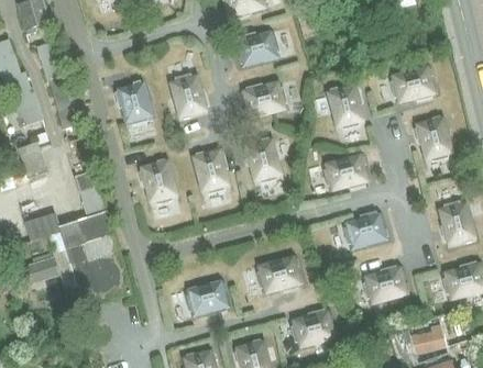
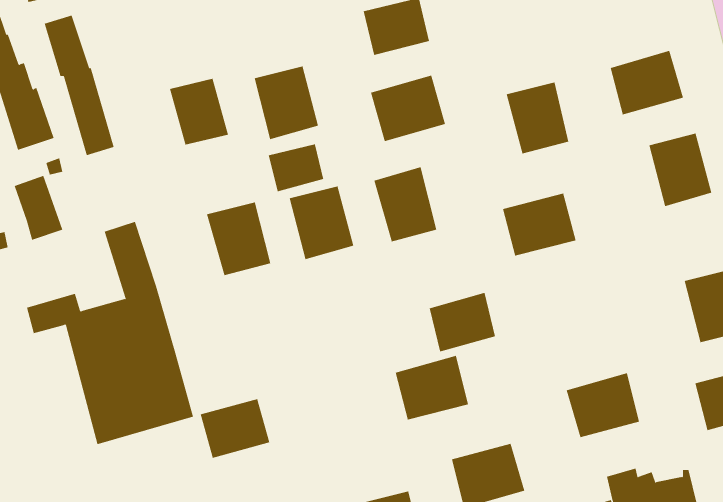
building: none -> [268,144,324,192]
building: [344,211,386,248] -> [429,292,496,352]
building: [22,250,58,282] -> none
building: [185,278,229,315] -> [200,398,270,458]

